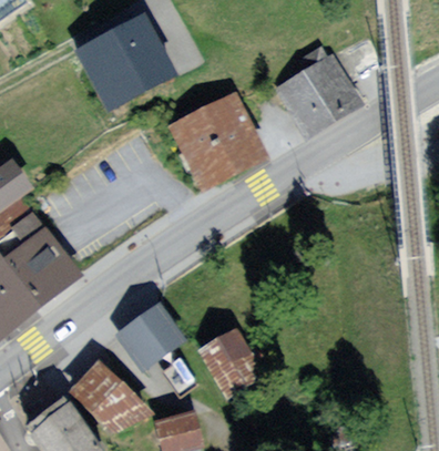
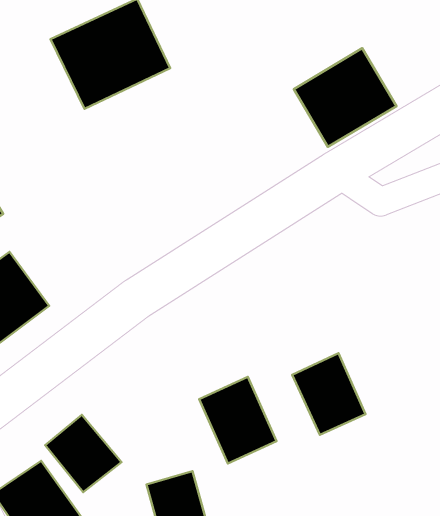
building: [181,93,265,178] -> none
building: [115,304,187,373] -> none
building: none -> [292,353,365,435]

